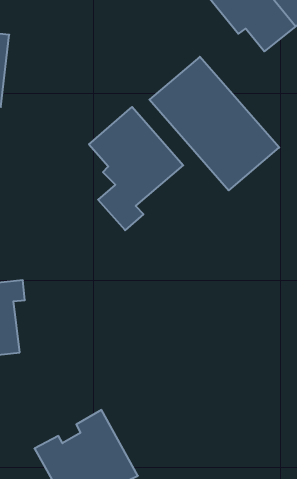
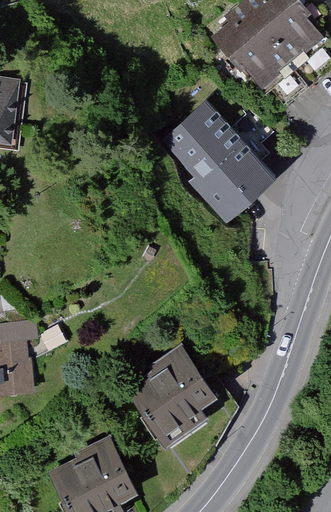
building: [89,107,183,230] -> none
building: none -> [126,347,223,450]

